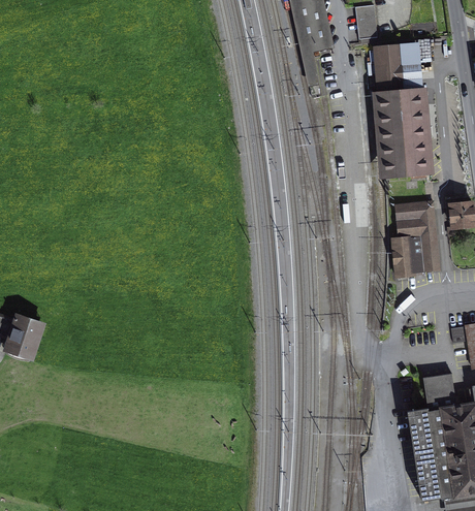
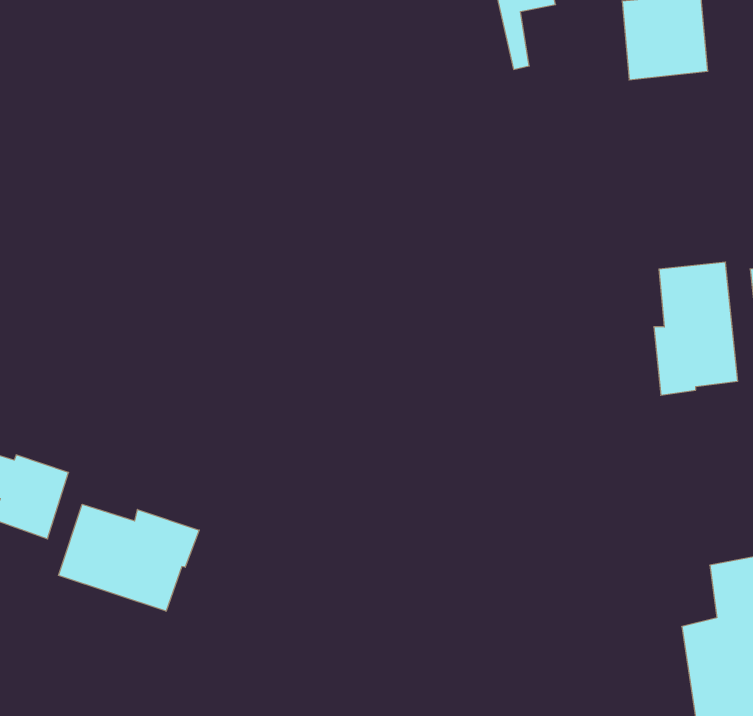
building: [375,87,435,179] -> none
building: none -> [58,504,199,611]

